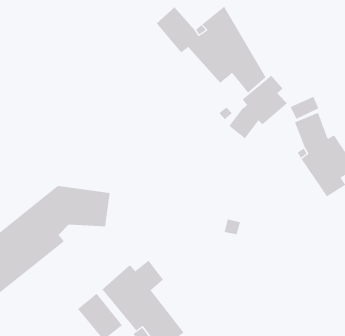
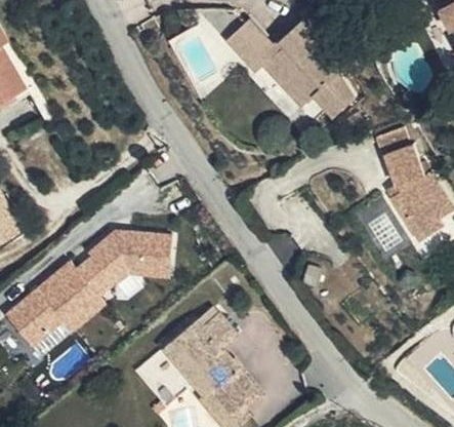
building: [228,75,288,139] -> none

